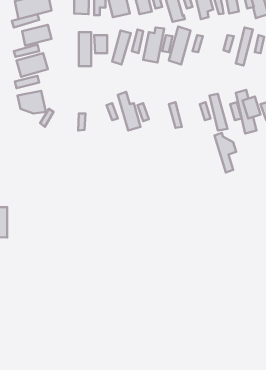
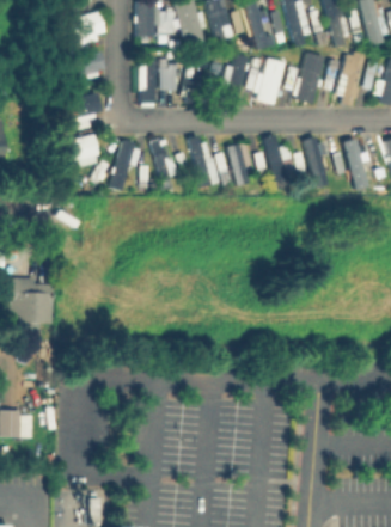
building: none -> [294,49,323,100]
building: none -> [153,142,177,190]
building: none -> [109,145,142,190]
building: none -> [230,147,252,186]
building: [214,133,236,173] -> [265,137,293,188]

